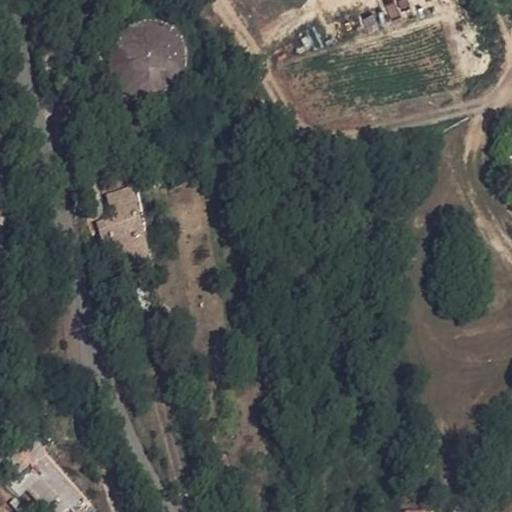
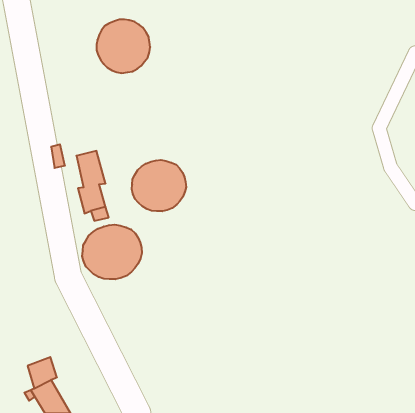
building: none -> [132,160,186,211]
building: none -> [82,225,142,279]

